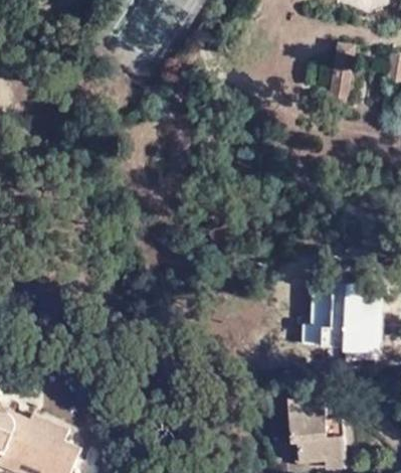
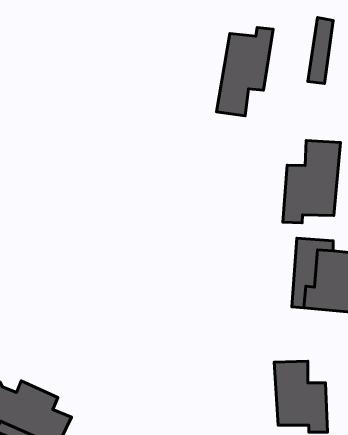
building: none -> [217,28,273,116]
building: none -> [283,140,340,223]

